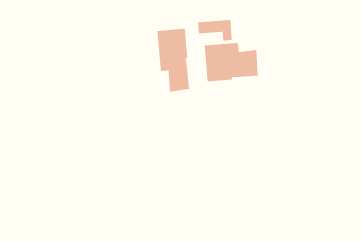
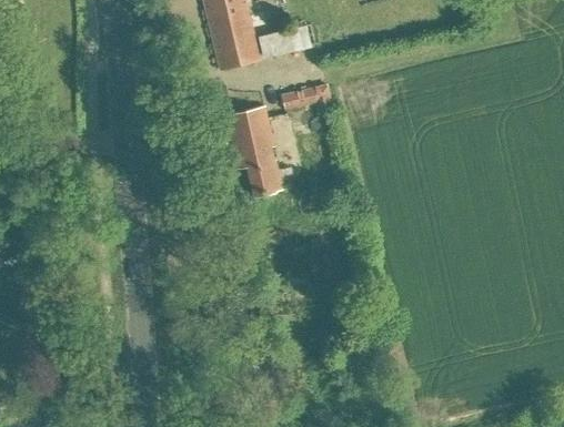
building: [204,42,258,82] -> none

